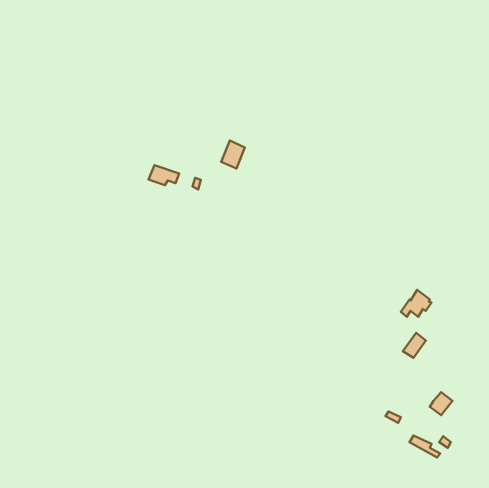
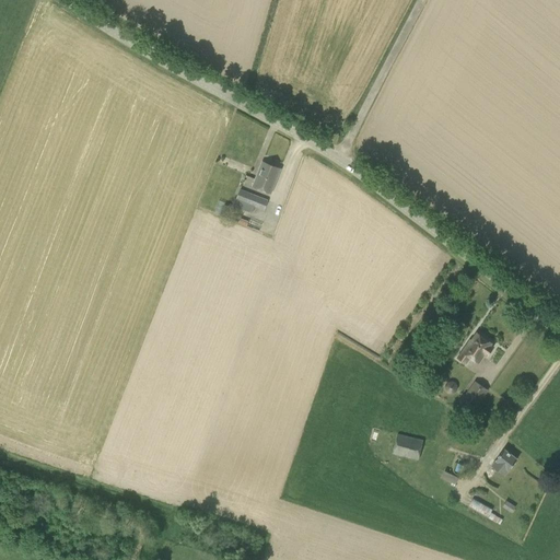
building: [149,165,179,185] -> [233,189,268,212]
building: none -> [393,433,423,458]

